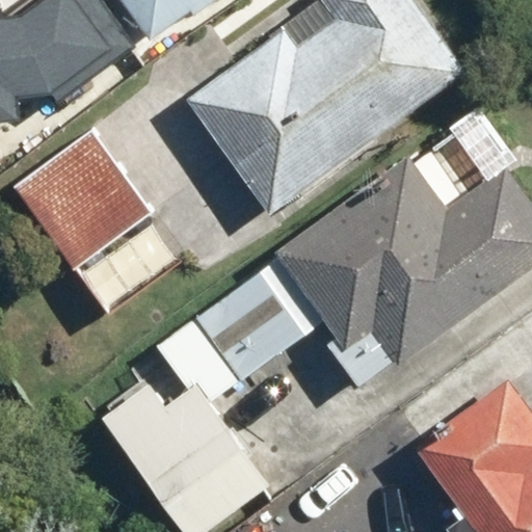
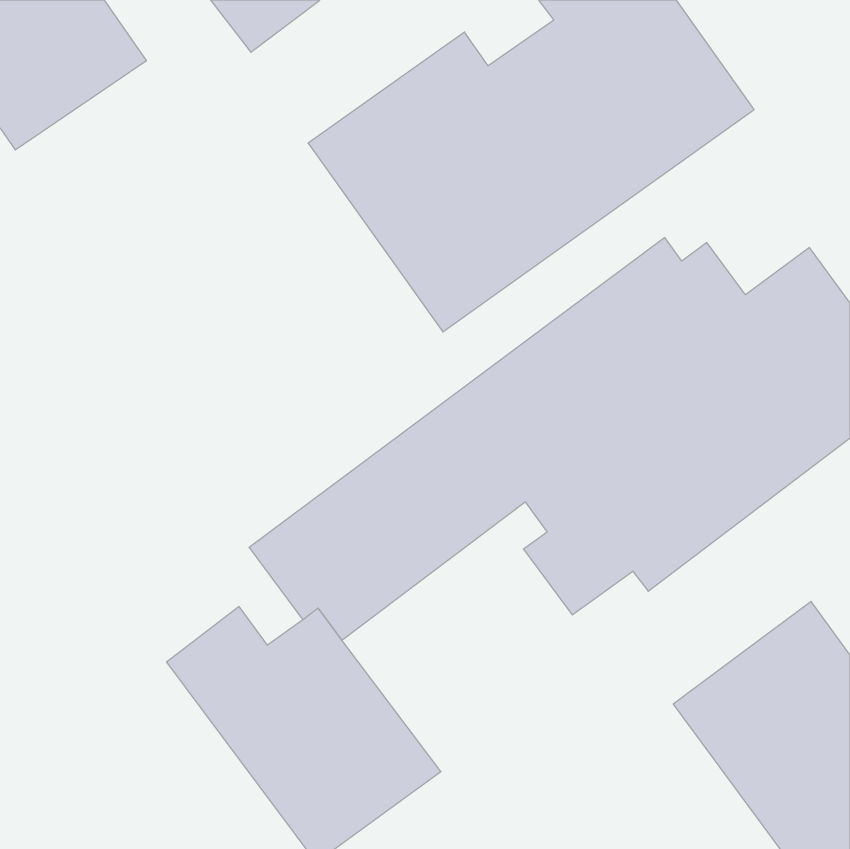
building: [10,132,179,319] -> none

